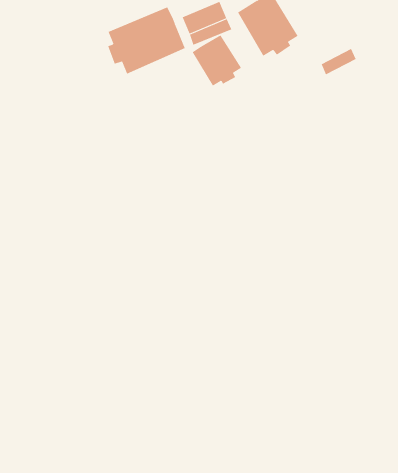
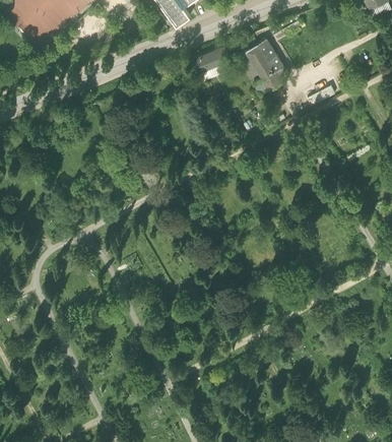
building: [108,6,185,74] -> none
building: [192,34,242,87] -> none

